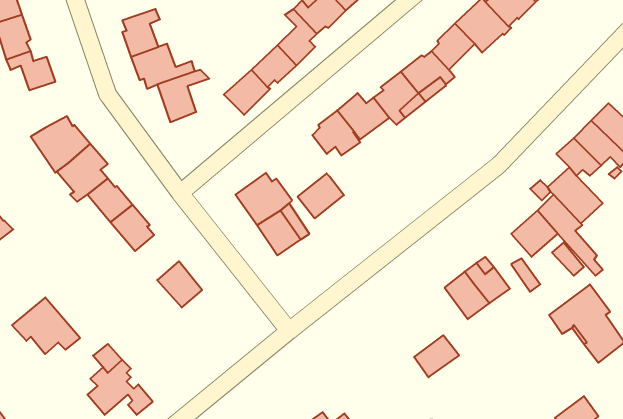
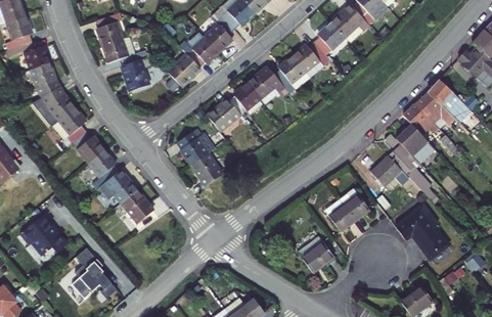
building: none -> [31,63,57,96]
building: [298,173,344,218] -> [208,99,240,131]
building: none -> [99,171,136,203]

